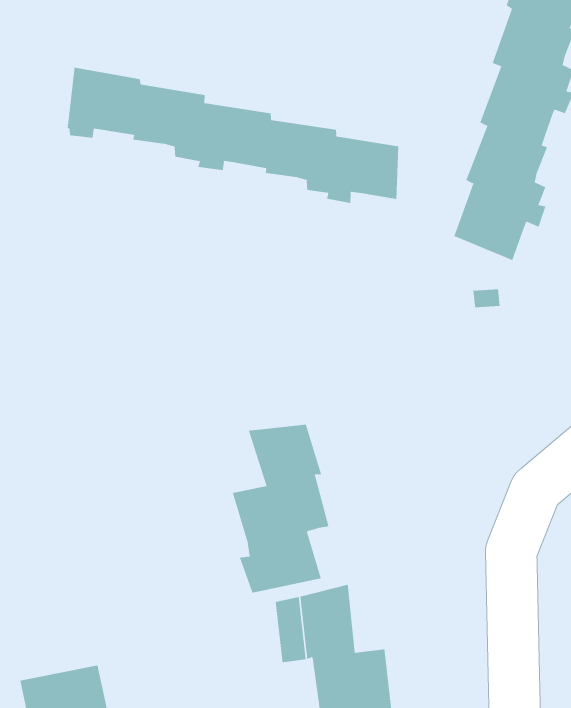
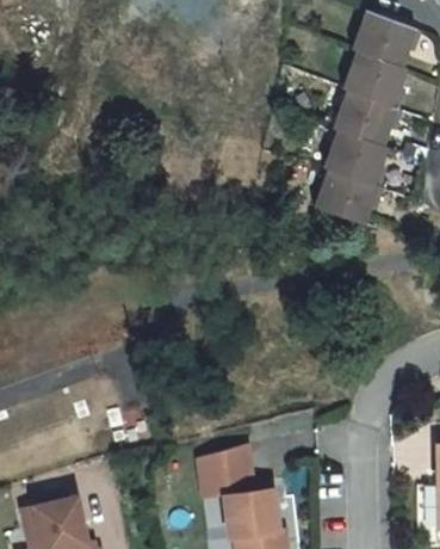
building: [67,67,399,204] -> none
building: [232,424,329,594] -> none

